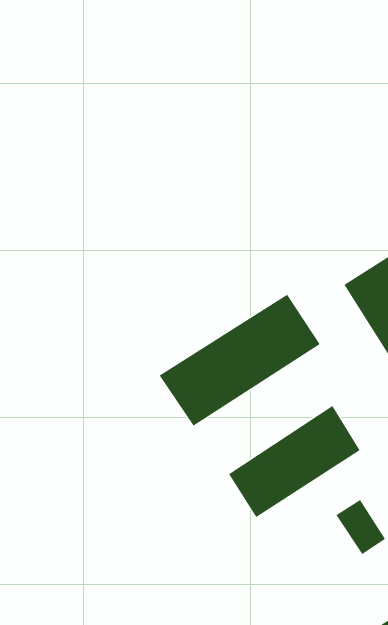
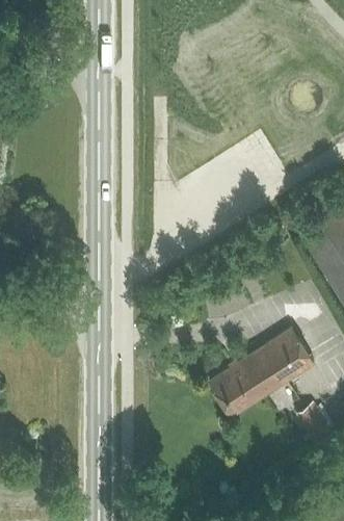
building: [159,294,321,426] -> none

